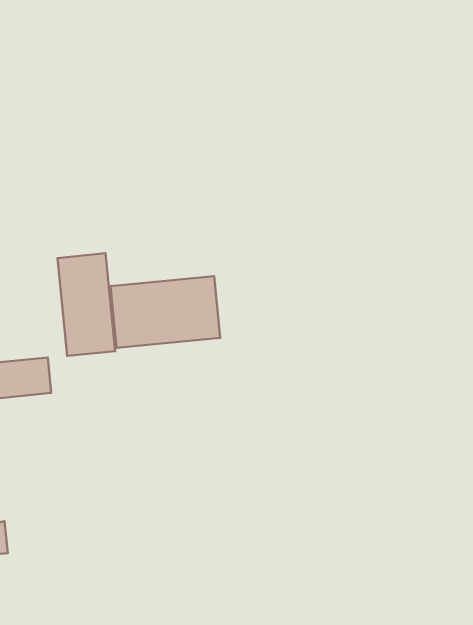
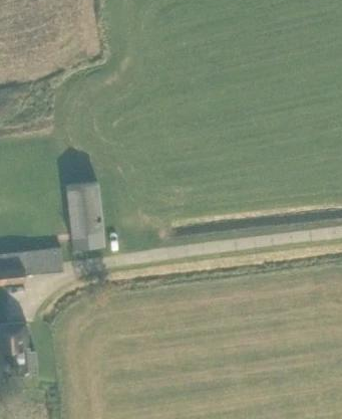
building: [111,276,220,348] -> none

